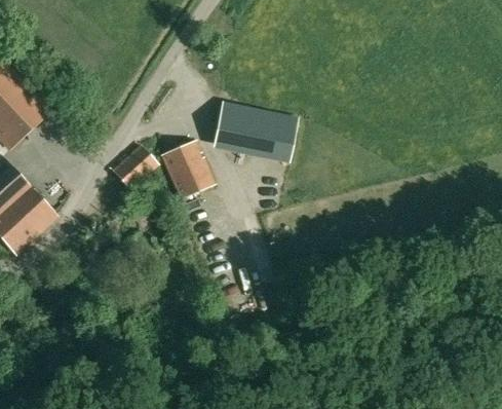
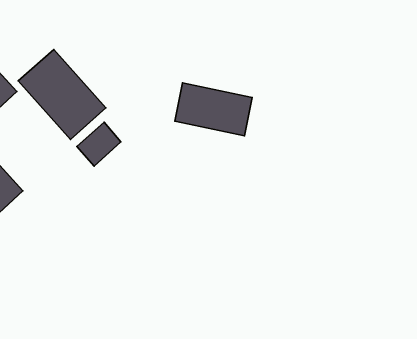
building: none -> [18,49,106,139]
building: [162,141,214,199] -> none

